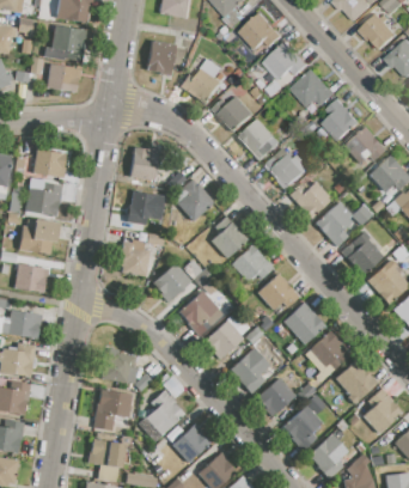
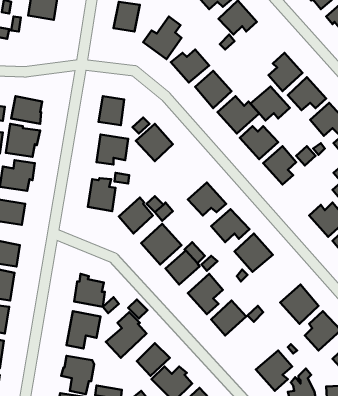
building: [45,63,77,91] -> none
building: [289,68,334,106] -> [250,86,290,120]
building: [209,215,246,258] -> none
building: [342,231,383,274] -> none
building: [307,330,350,367] -> none
building: [281,405,322,450] -> none

